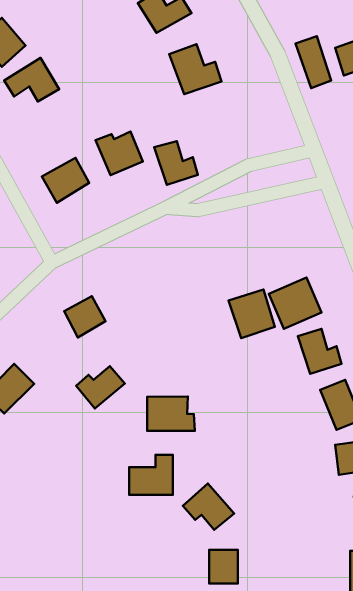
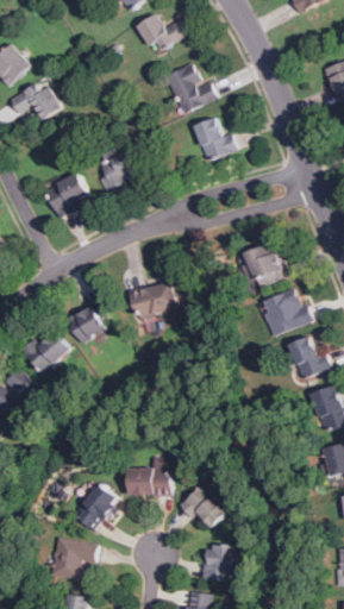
building: [295,36,331,88] -> none
building: [154,141,198,185] -> [193,118,234,159]
building: none -> [129,281,176,318]
building: [229,289,275,338] -> [243,240,287,287]
building: [76,366,125,408] -> [21,331,68,371]
building: [147,397,195,431] -> none
building: none -> [73,483,118,530]
building: none -> [51,538,95,579]

